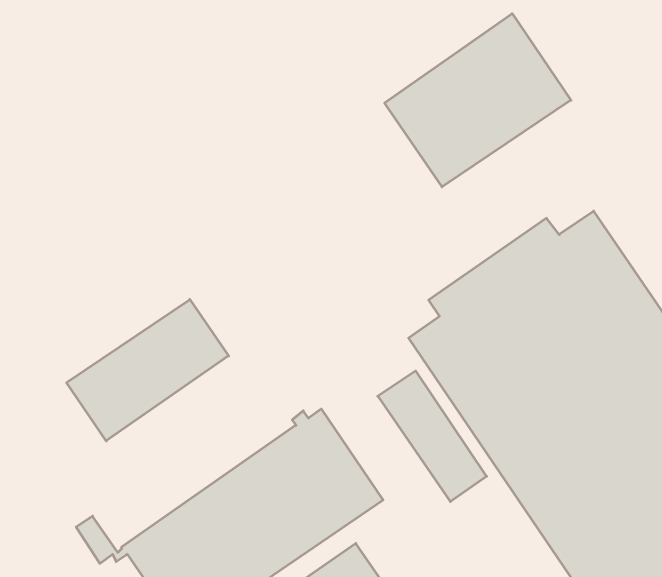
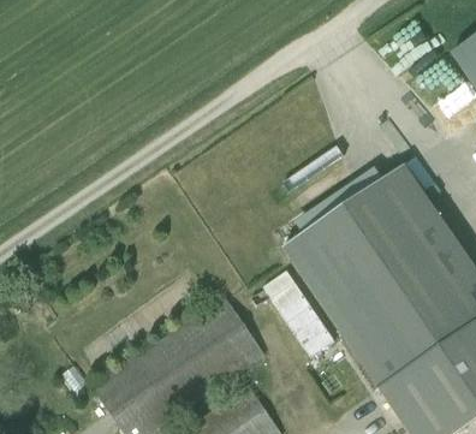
building: [385,14,571,187] -> none
building: [67,299,229,441] -> none

